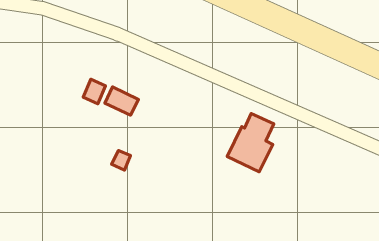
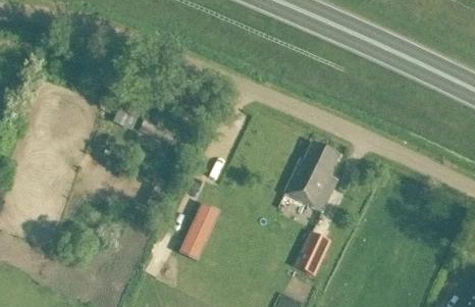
building: none -> [181,205,219,256]
building: none -> [296,234,329,273]

